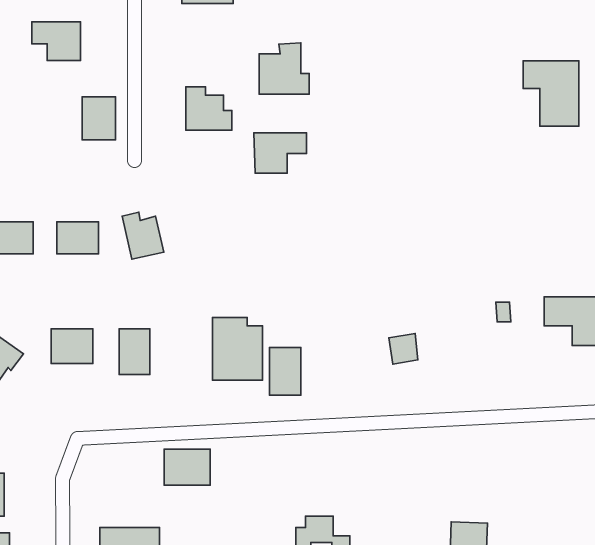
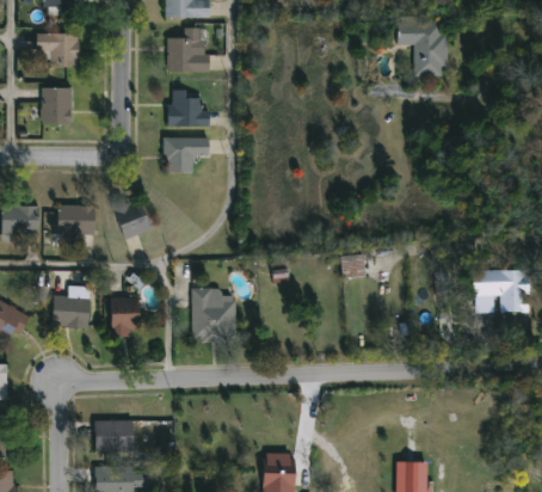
building: [259,43,309,94] -> [166,27,209,72]
building: [523,61,579,126] -> [398,20,445,76]
building: [82,97,116,140] -> [42,87,70,124]
building: [254,133,307,173] -> [162,137,208,172]
building: [389,334,418,364] -> [339,253,364,279]
building: [269,348,301,395] -> none
building: [164,449,210,485] -> [94,420,134,451]

